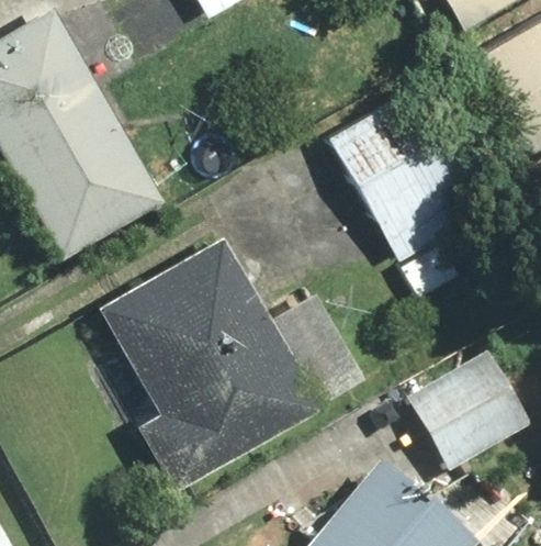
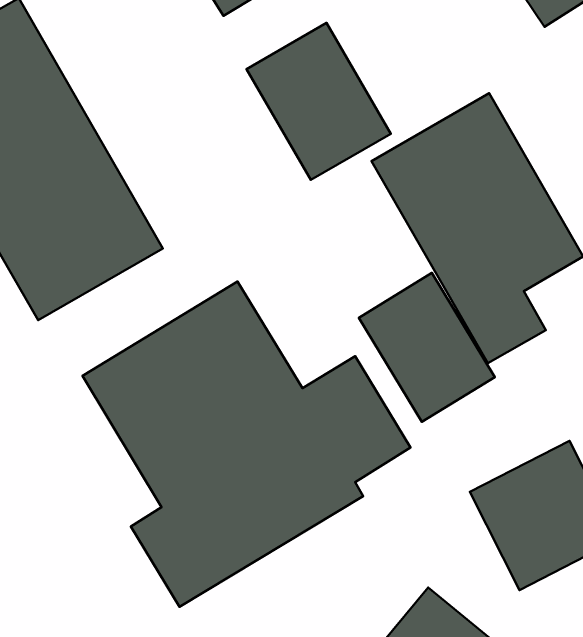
building: none -> [246,23,391,180]
building: none -> [359,273,495,422]

